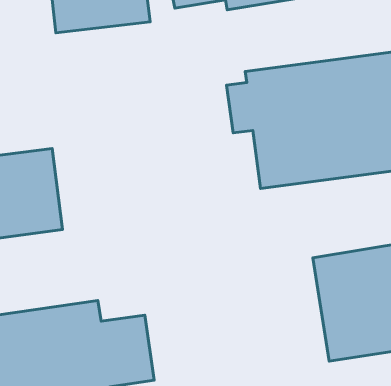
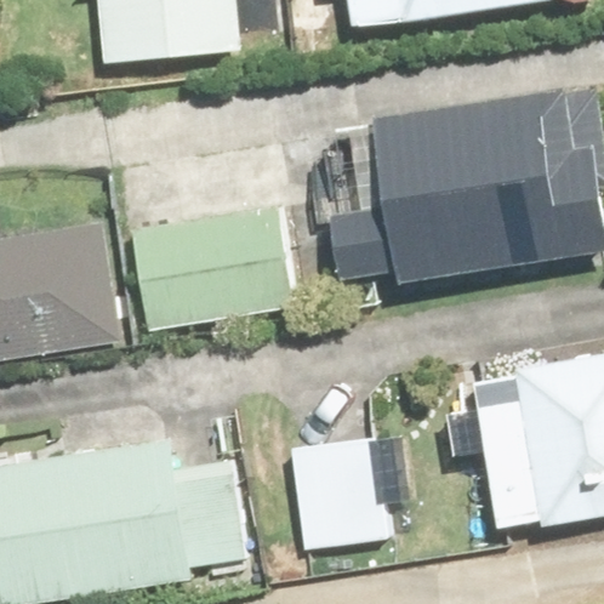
building: none -> [132,207,292,329]
building: none -> [291,435,410,546]

